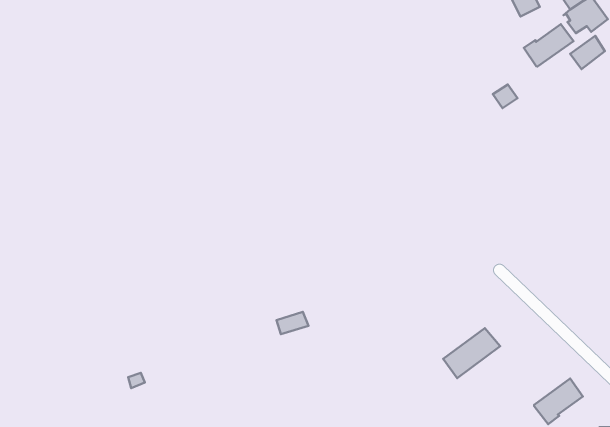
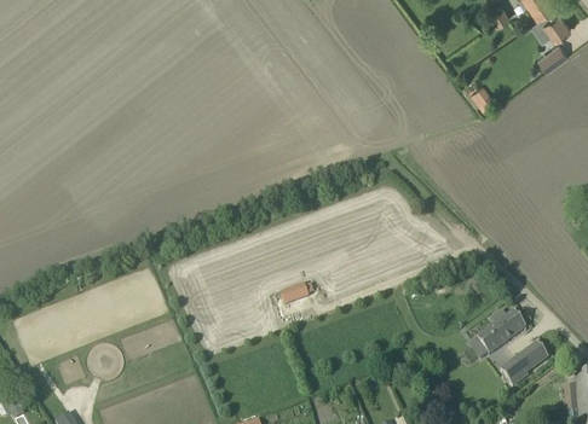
building: [524,24,574,67] -> none
building: [443,328,500,378] -> [477,312,526,355]

